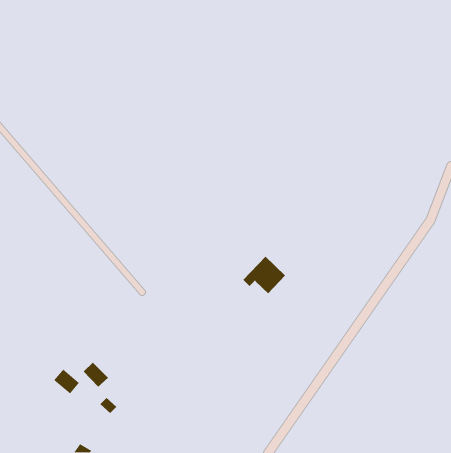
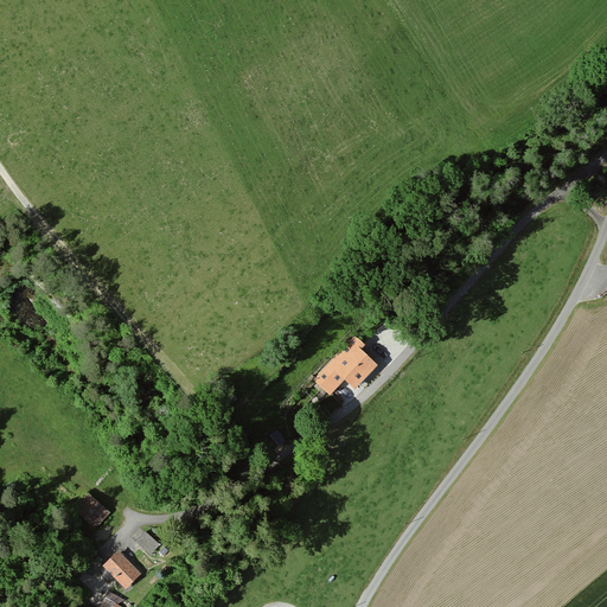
building: [83,362,109,388] -> [102,551,136,586]

